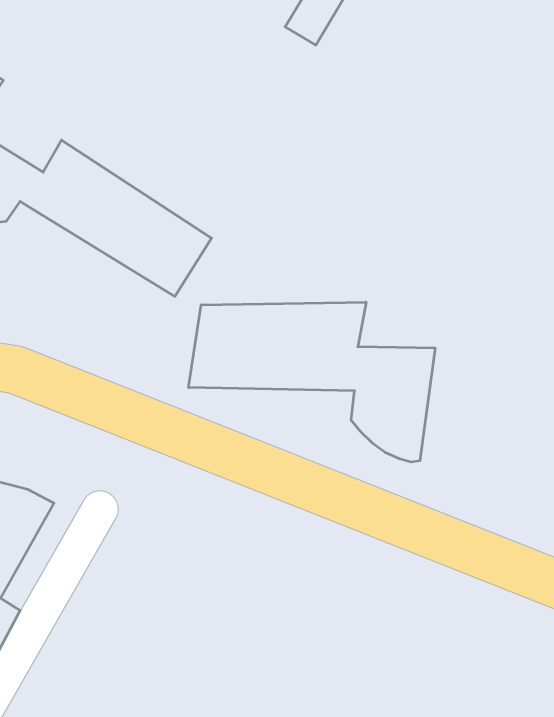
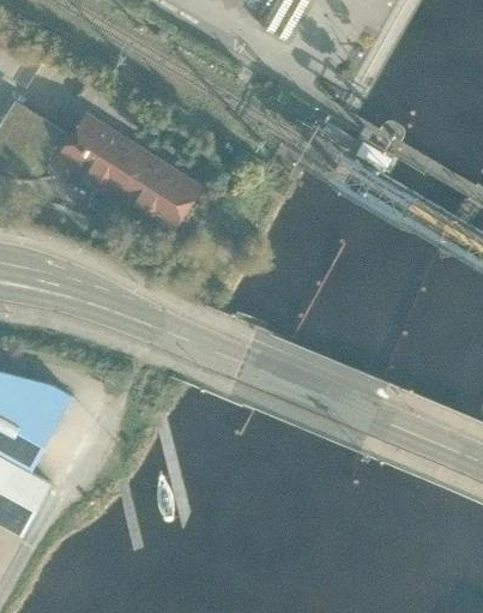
building: [189,302,435,462] -> none

